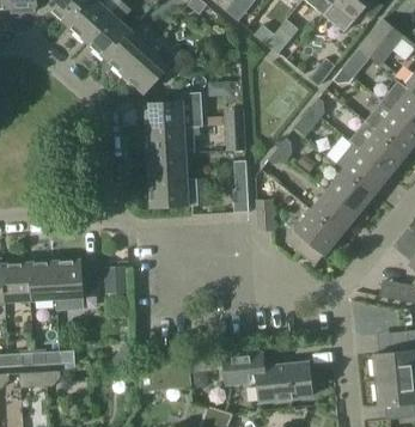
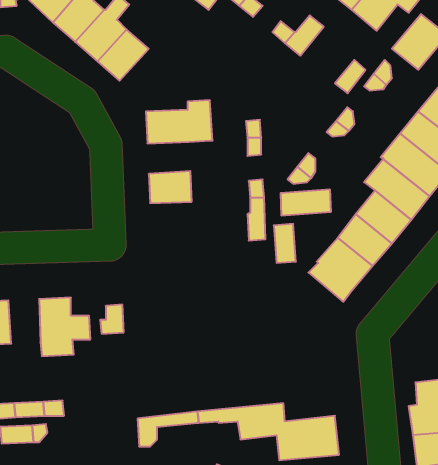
building: [122,36,178,93] -> none
building: [146,127,200,155] -> none
building: none -> [281,189,331,216]
building: [148,178,195,208] -> none
building: [26,263,54,301] -> none

